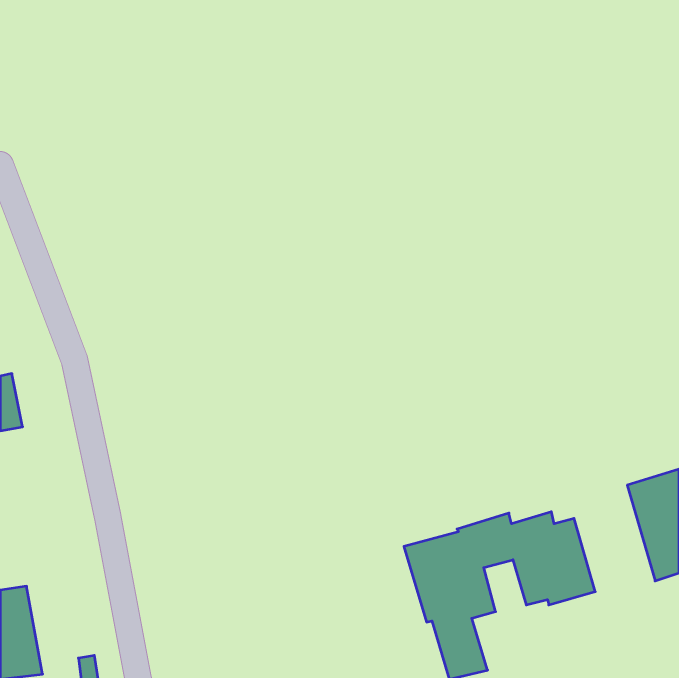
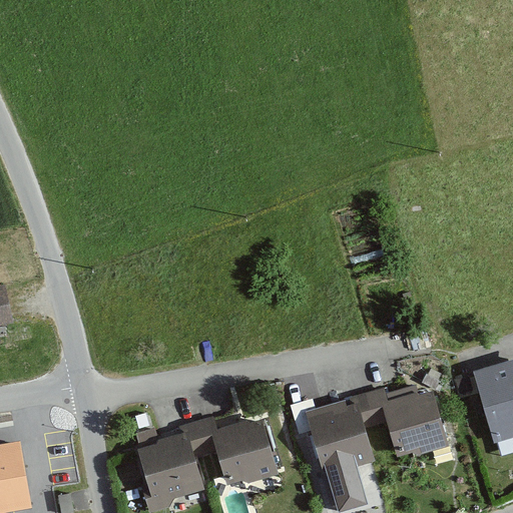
building: none -> [134,414,278,505]

